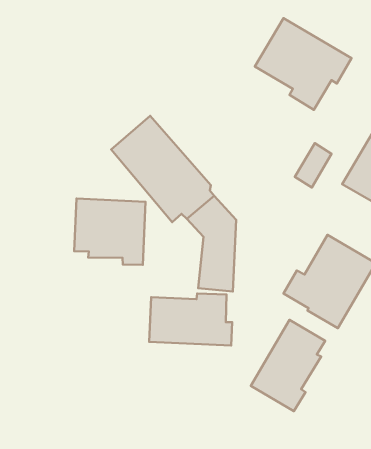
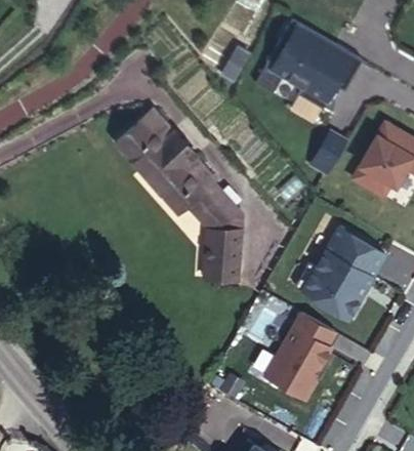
building: [74,199,146,265] -> none
building: [149,294,232,346] -> none

